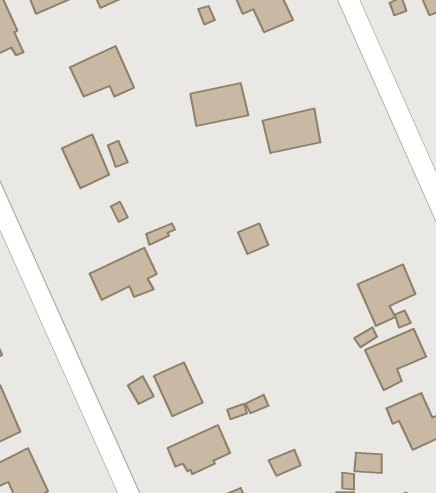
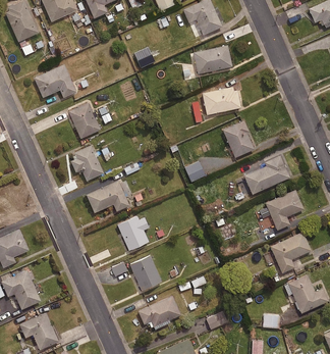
building: [70,46,134,97] -> [34,64,76,98]
building: [190,83,248,126] -> [194,46,232,74]
building: none -> [223,121,255,158]
building: none -> [70,146,103,182]
building: none -> [242,156,289,195]
building: none -> [117,215,149,250]

